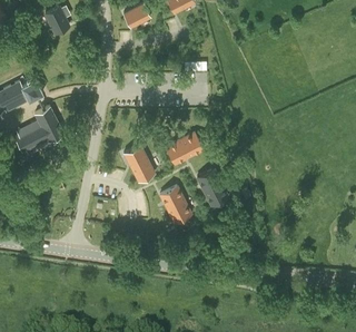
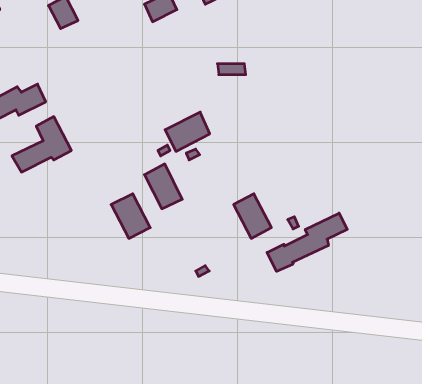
building: [166,133,202,165] -> [165,112,210,151]
building: none -> [267,213,347,271]
building: [159,186,191,223] -> [111,194,150,238]

